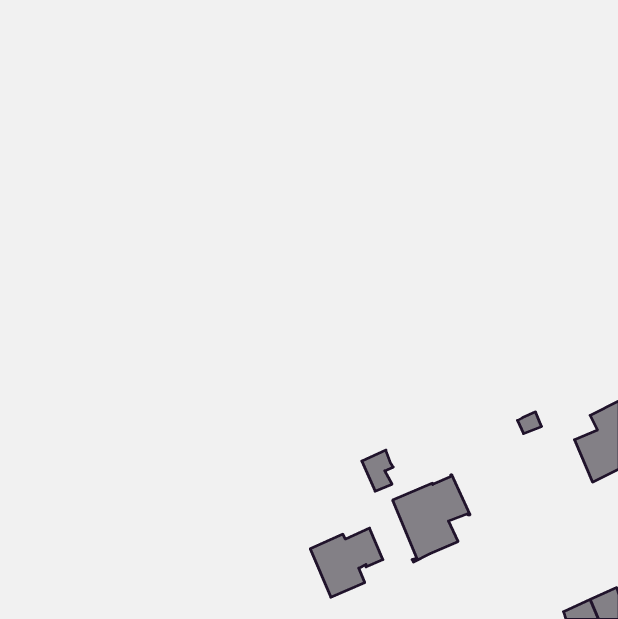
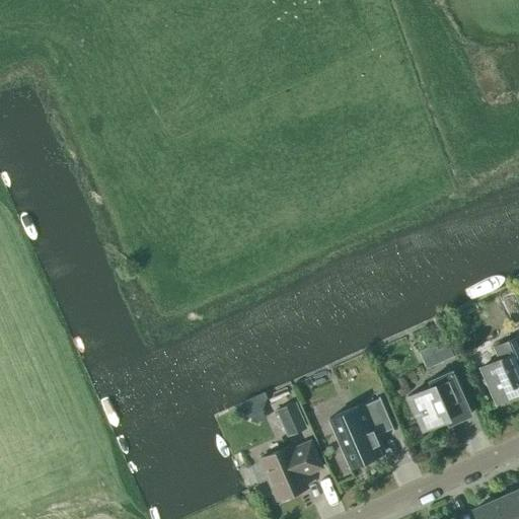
building: none -> [407,371,470,430]
building: [362,450,393,491] -> [276,401,302,436]

